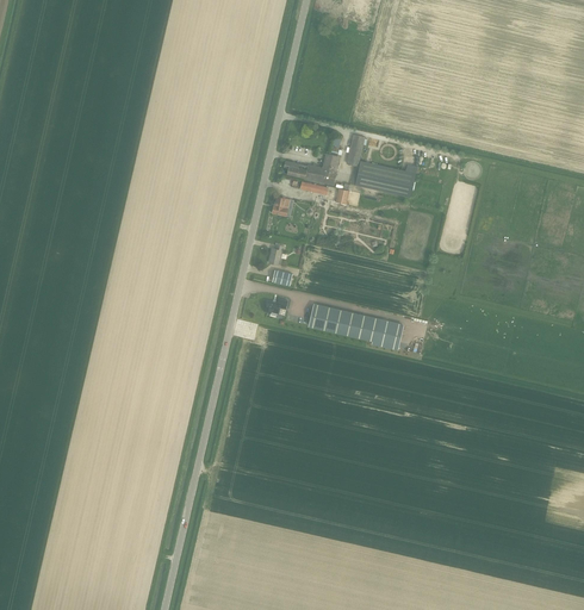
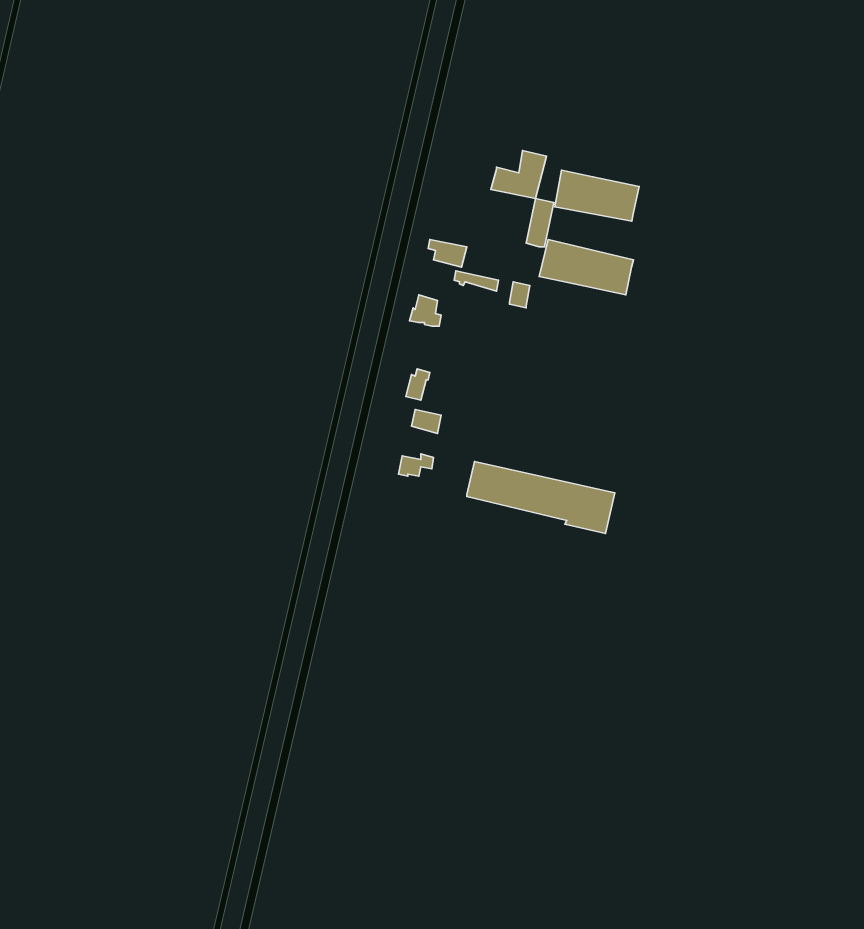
building: none -> [555,170,639,221]
building: [304,152,340,183] -> [491,151,546,199]

